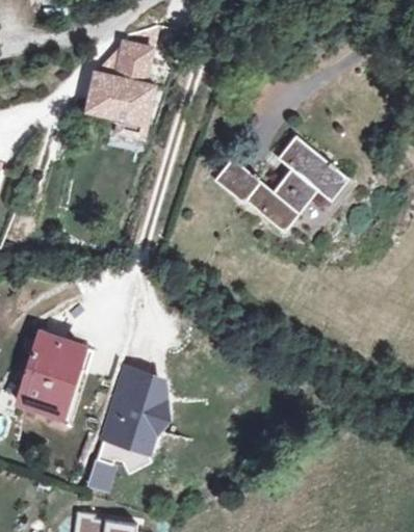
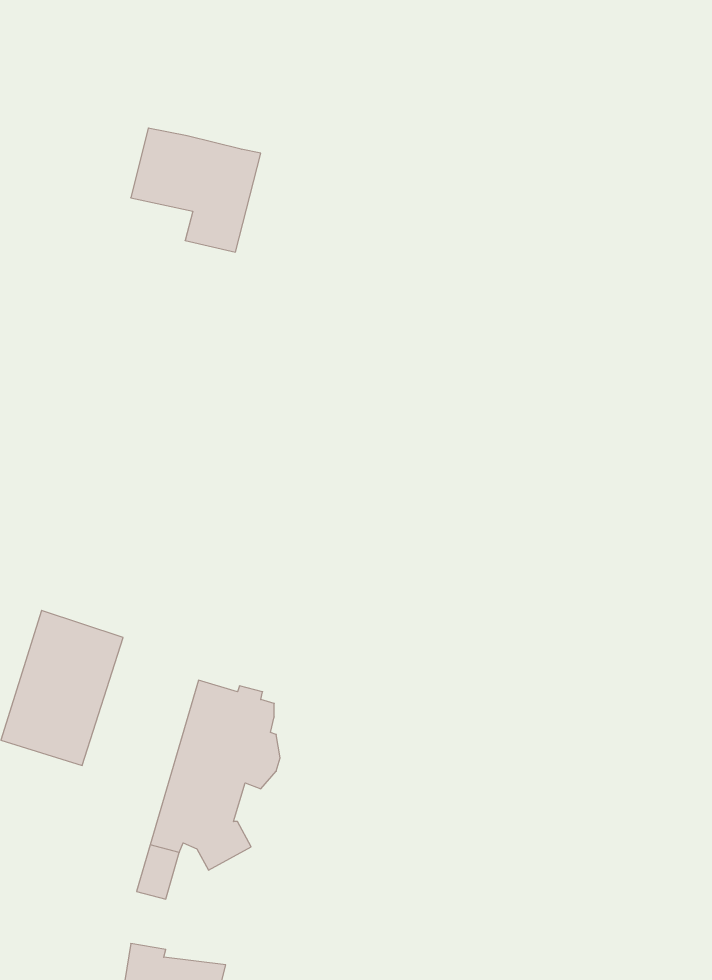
building: [117,43,154,85] -> none
building: [215,136,348,231] -> none

